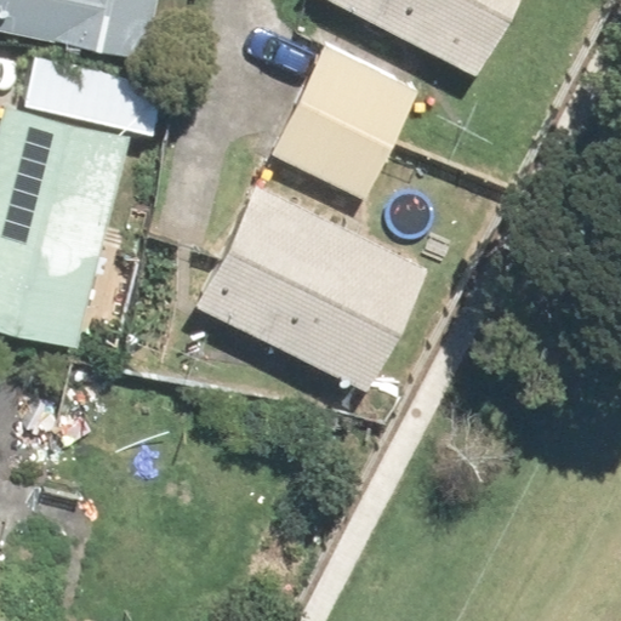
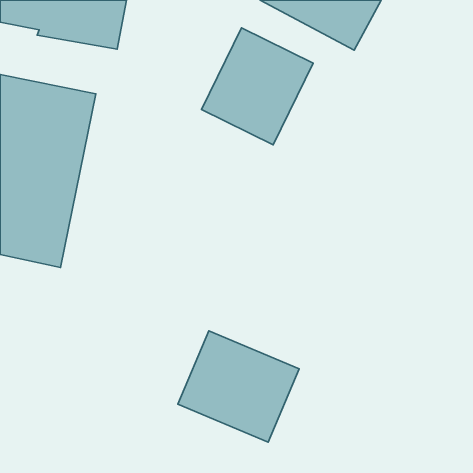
building: [198,186,426,383] -> none
building: none -> [178,331,299,442]

